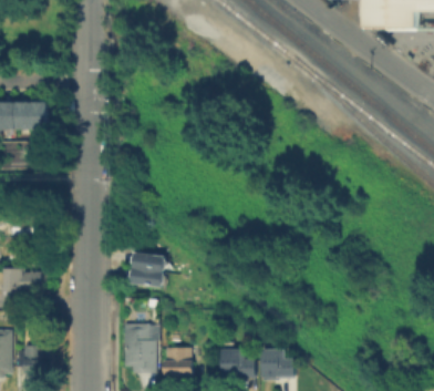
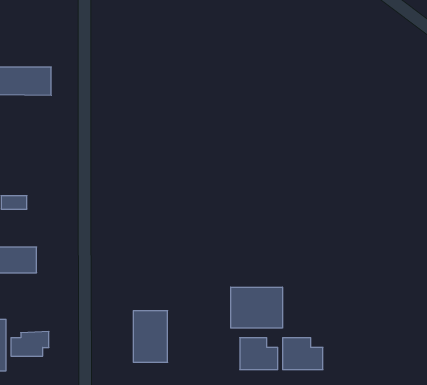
building: [132,249,167,284] -> none
building: none -> [231,287,282,328]
building: [164,344,193,377] -> none

